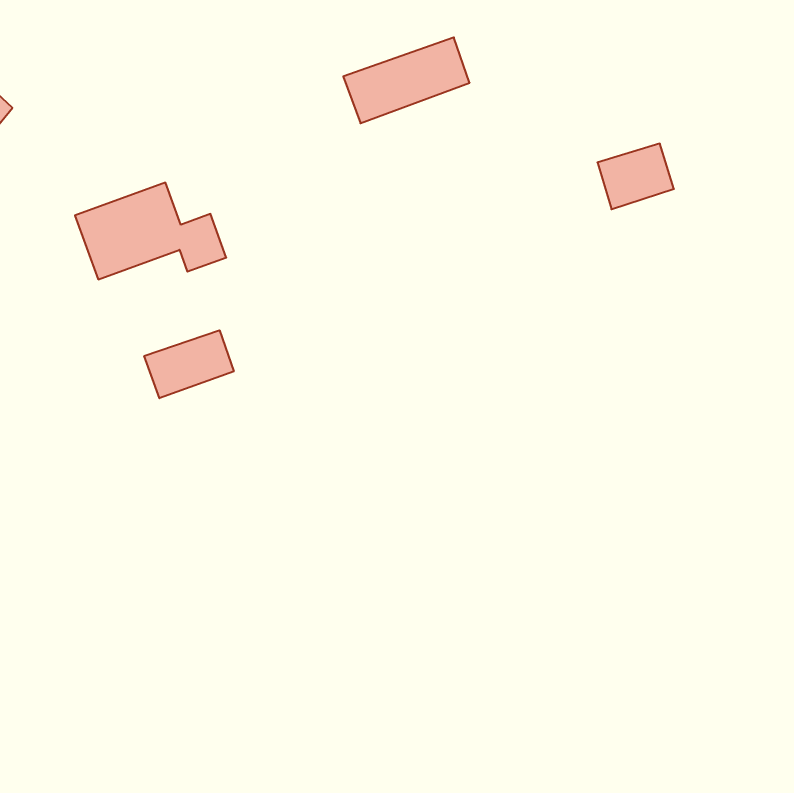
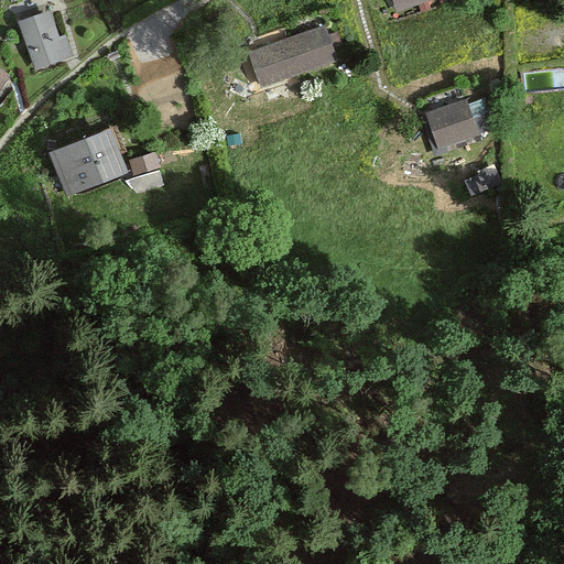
building: none -> [19,10,72,67]
building: [144,330,234,398] -> none

